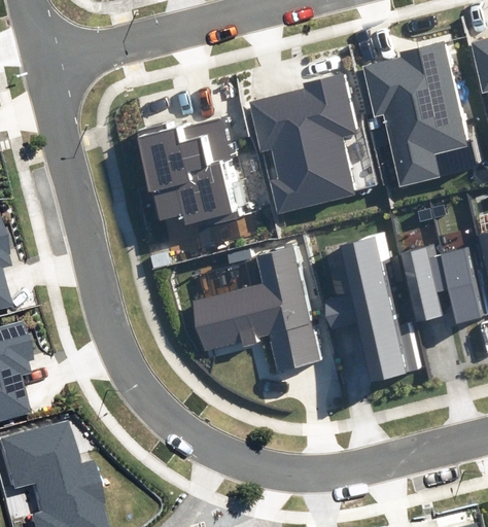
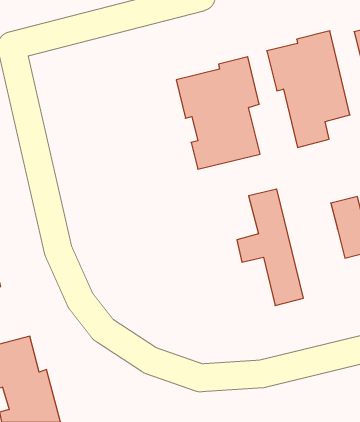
building: [140,118,239,229] -> none
building: [404,245,450,322] -> none
building: [193,247,319,371] -> none

